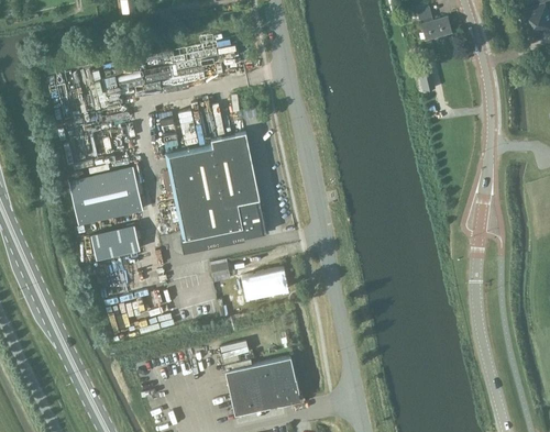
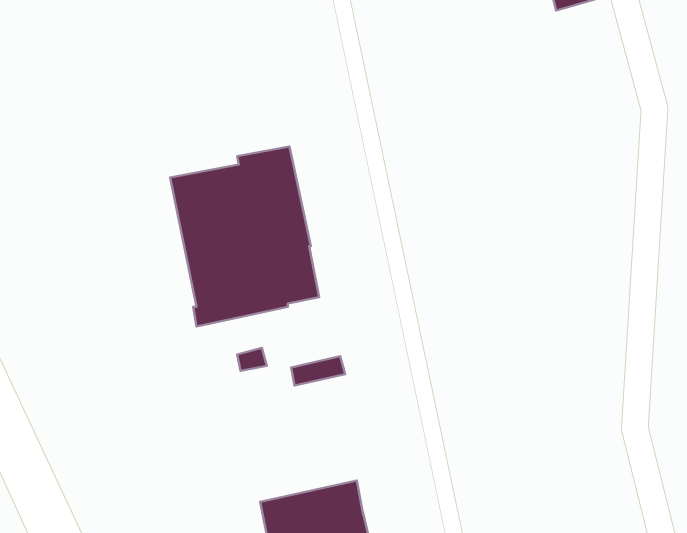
building: [68,167,143,224] -> none
building: [90,225,140,259] -> none

